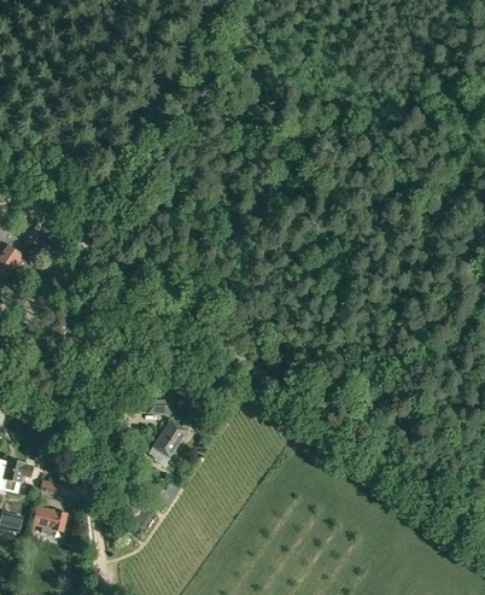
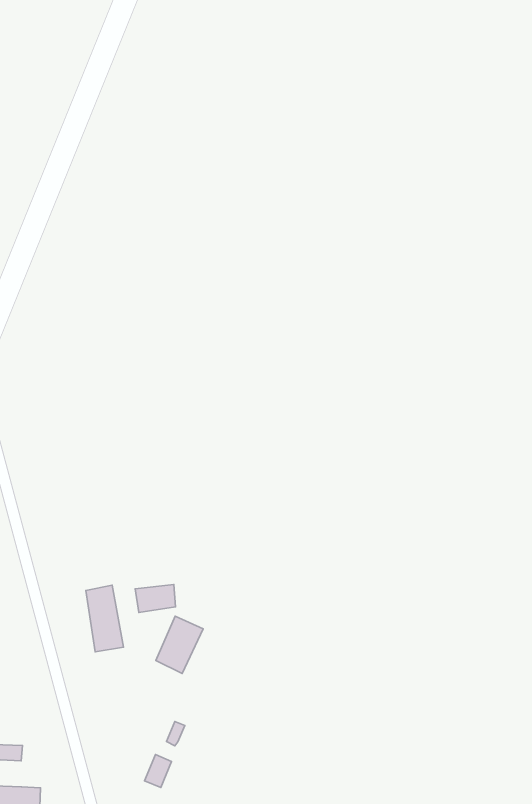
building: none -> [86,585,123,652]

